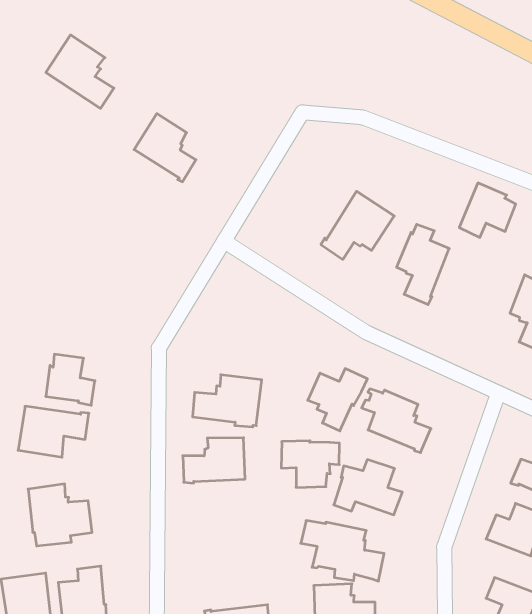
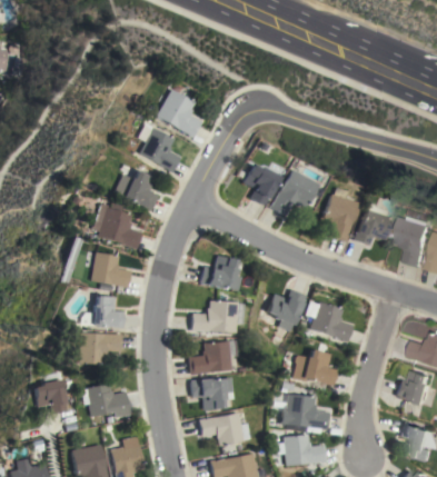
building: [46,35,114,108] -> [155,89,201,137]
building: none -> [112,170,158,210]
building: none -> [242,165,279,206]
building: [459,183,516,237] -> [352,209,389,246]
building: none -> [89,202,142,249]
building: none -> [89,251,131,288]
building: none -> [200,255,241,290]
building: [281,441,339,487] -> [191,378,231,410]
building: none -> [199,413,247,446]

